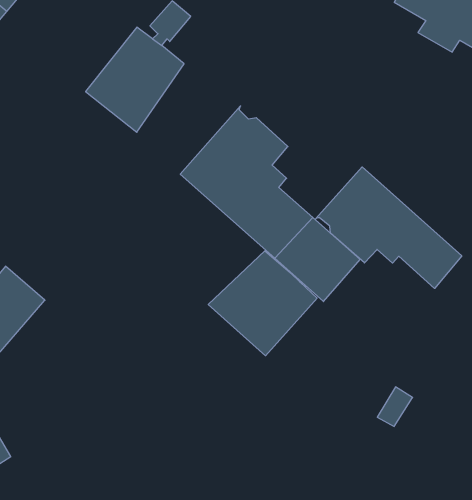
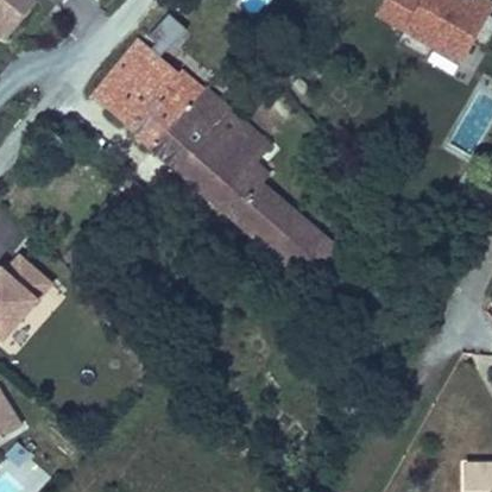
building: none -> [134,68,232,170]
building: [316,167,462,288] -> none
building: [208,251,317,356] -> none

